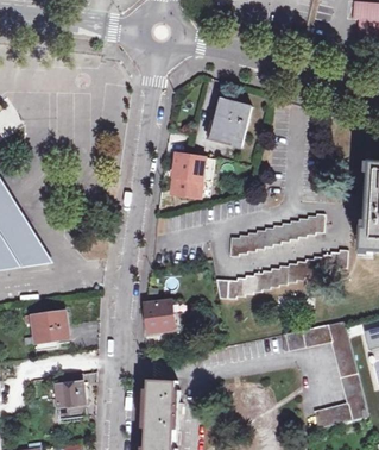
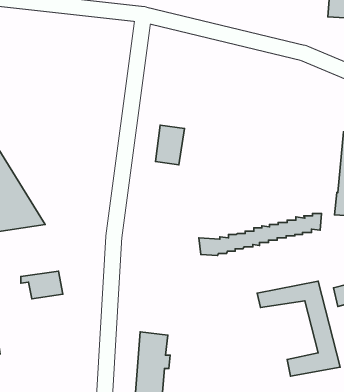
building: [209,100,251,149] -> none
building: [221,212,322,255] -> none
building: [144,300,175,333] -> none
building: [55,374,87,420] -> none

